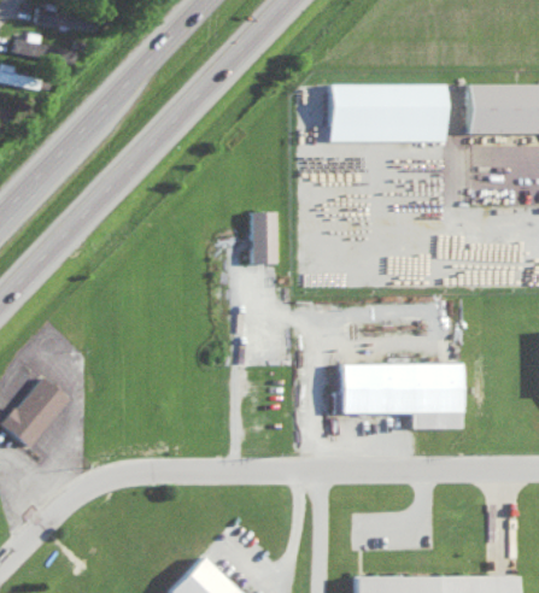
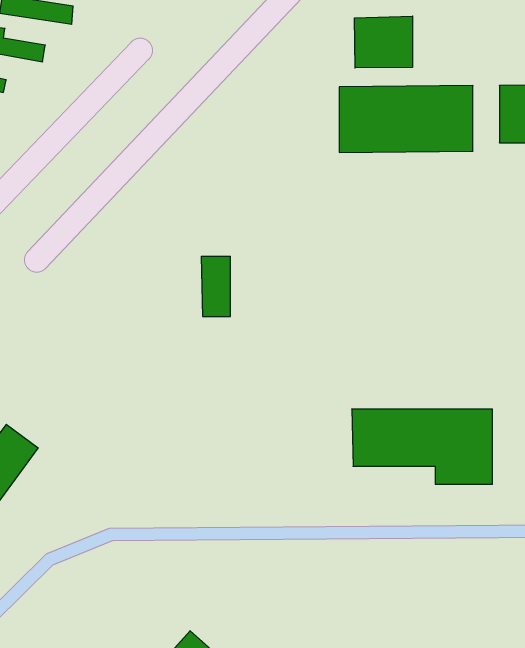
building: none -> [355,16,413,68]
building: [251,212,276,264] -> [201,256,230,316]

